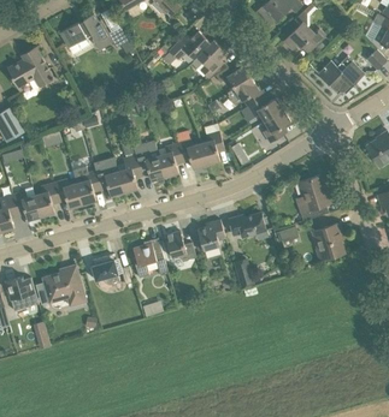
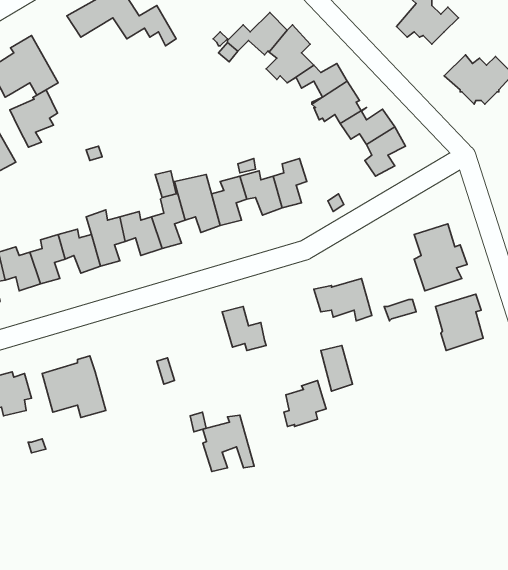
building: none -> [10,90,57,147]
building: [196,220,225,251] -> [284,381,326,426]
building: [132,239,167,278] -> [203,415,254,471]
building: [90,255,119,285] -> none

